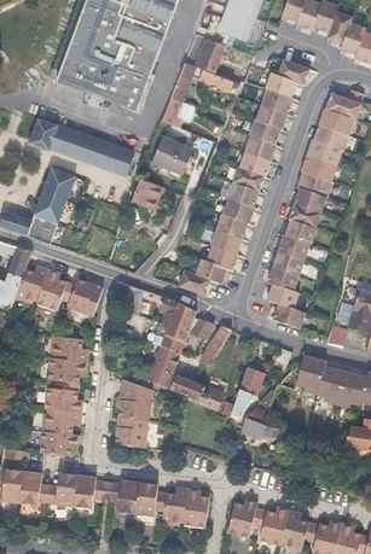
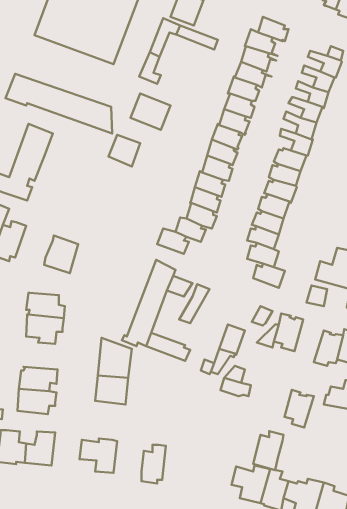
building: [36,268,75,309] -> none
building: [315,366,344,403] -> [285,390,314,428]
building: [45,384,82,410] -> none
building: [74,473,104,508] -> none
building: [135,482,166,515] -> none
building: [184,486,208,525] -> none
building: [228,497,259,536] -> [253,431,284,470]

